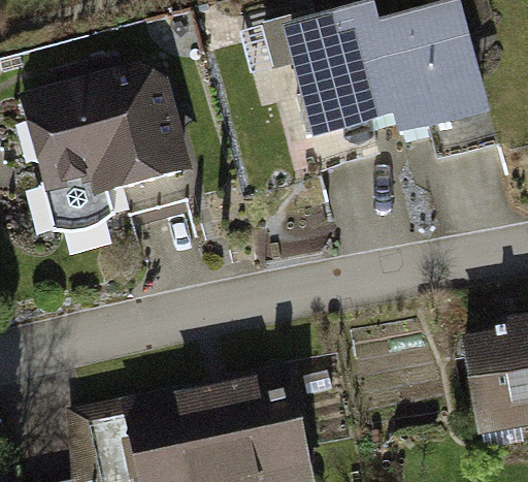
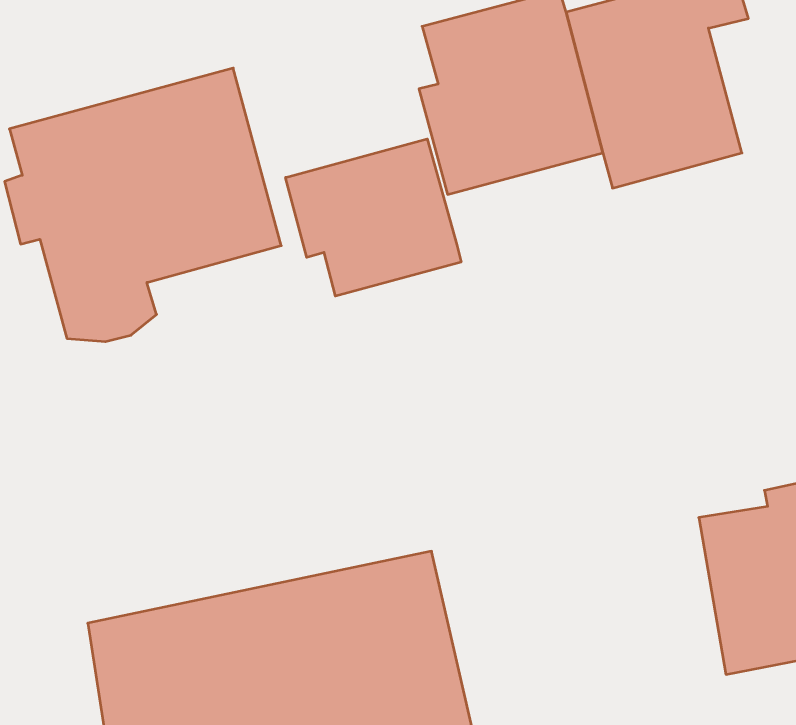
building: none -> [286,139,461,296]

